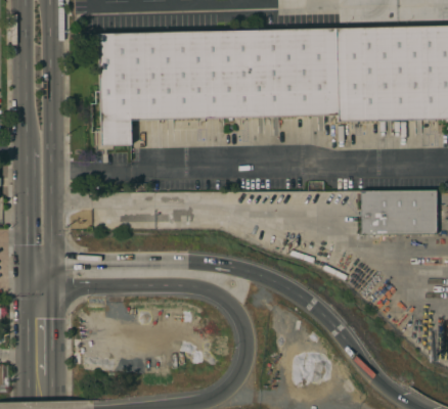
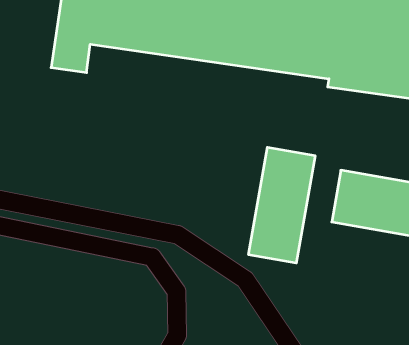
building: none -> [249,147,315,263]

